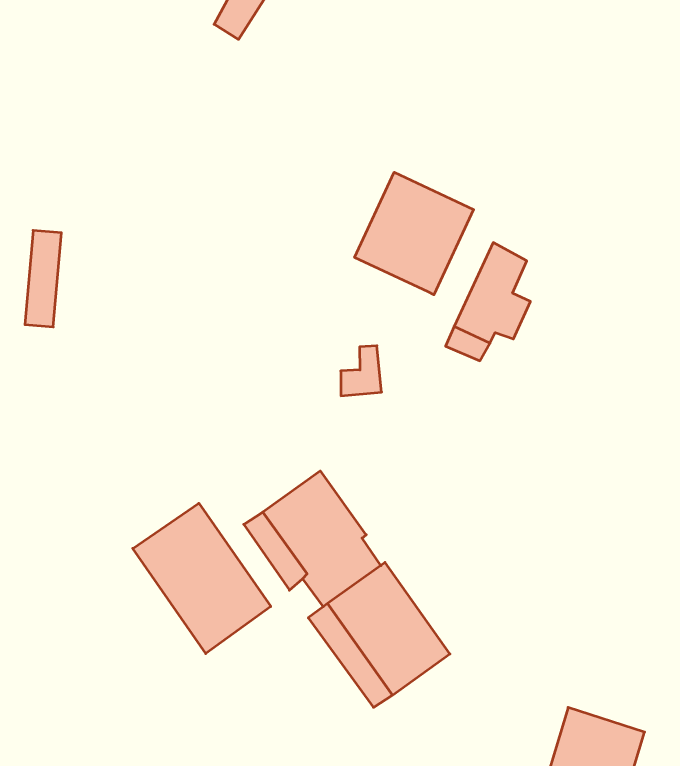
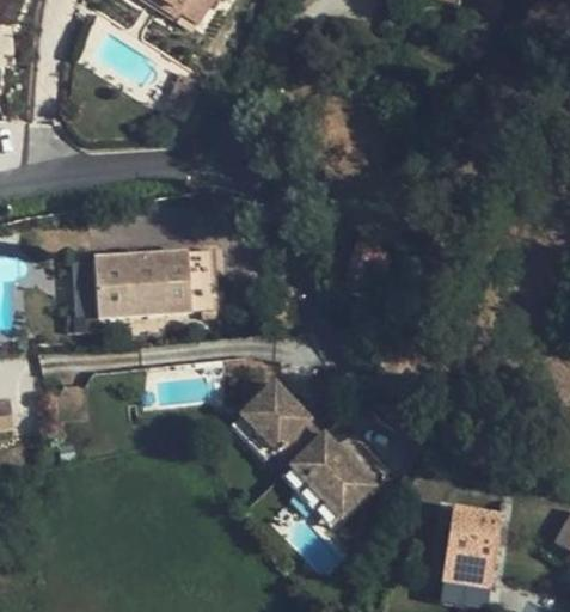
building: [355,172,474,295] -> none
building: none -> [96,246,222,318]
building: [133,503,271,654] -> none

